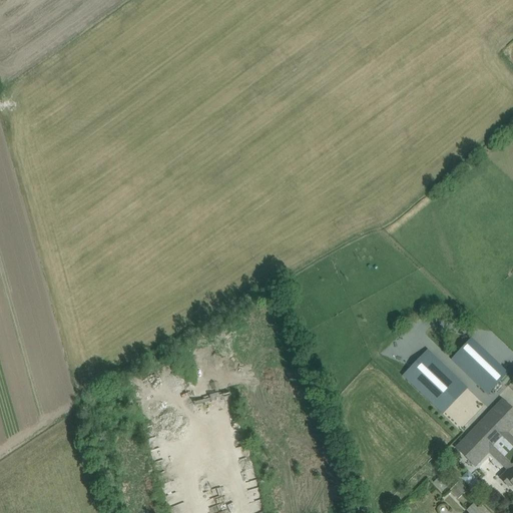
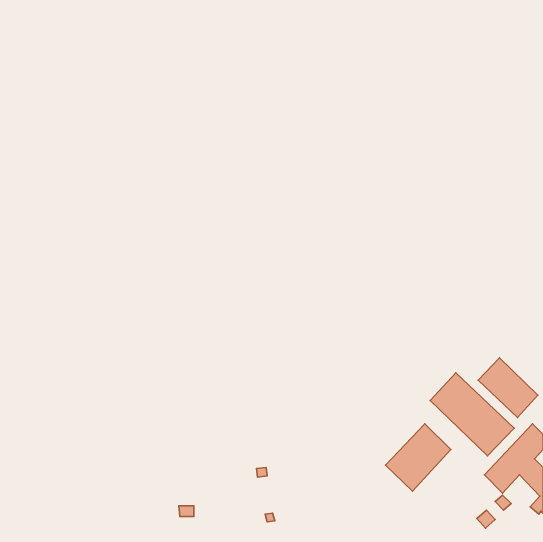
building: none -> [385,424,451,491]

